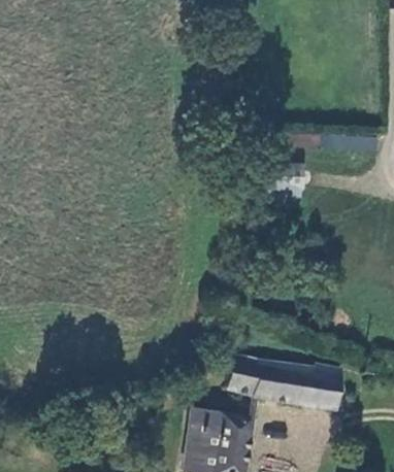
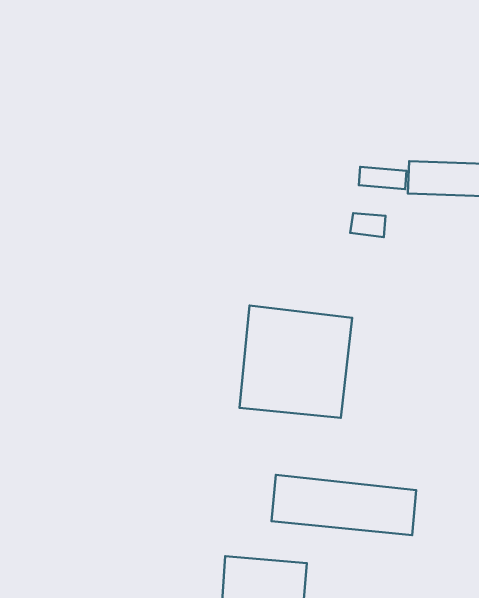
building: none -> [240,306,352,418]

